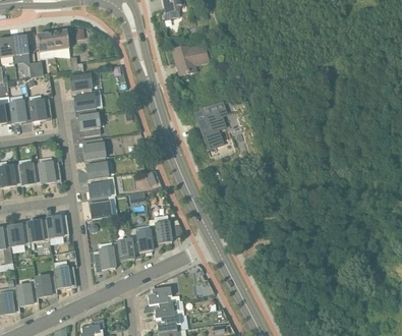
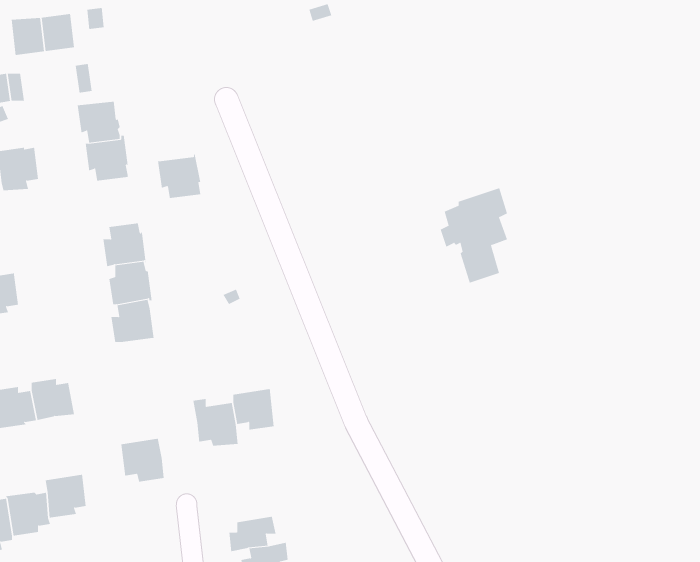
building: [172,41,210,74] -> none
building: [192,99,227,149] -> [440,188,508,285]
building: [78,111,101,134] -> [157,153,201,199]
building: [39,161,60,183] -> none
building: [90,195,112,218] -> none
building: [112,238,134,260] -> none

